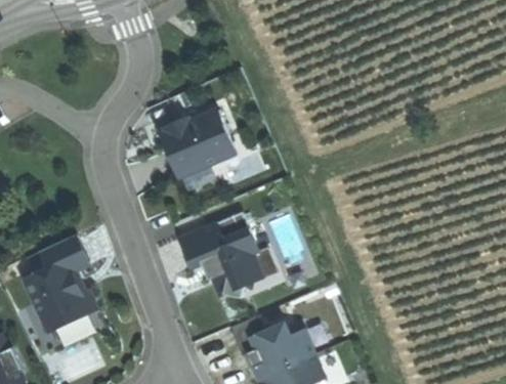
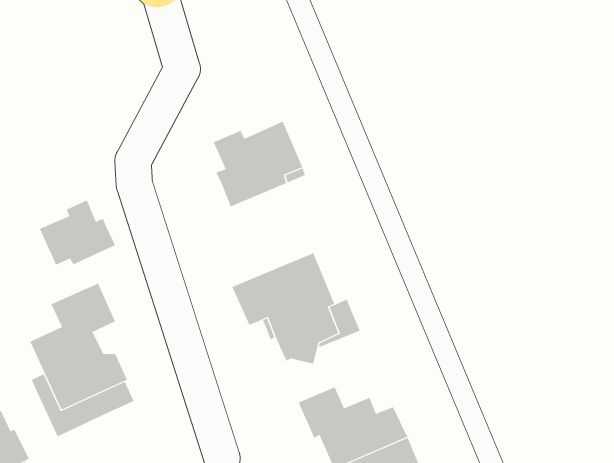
building: none -> [39,200,116,266]

